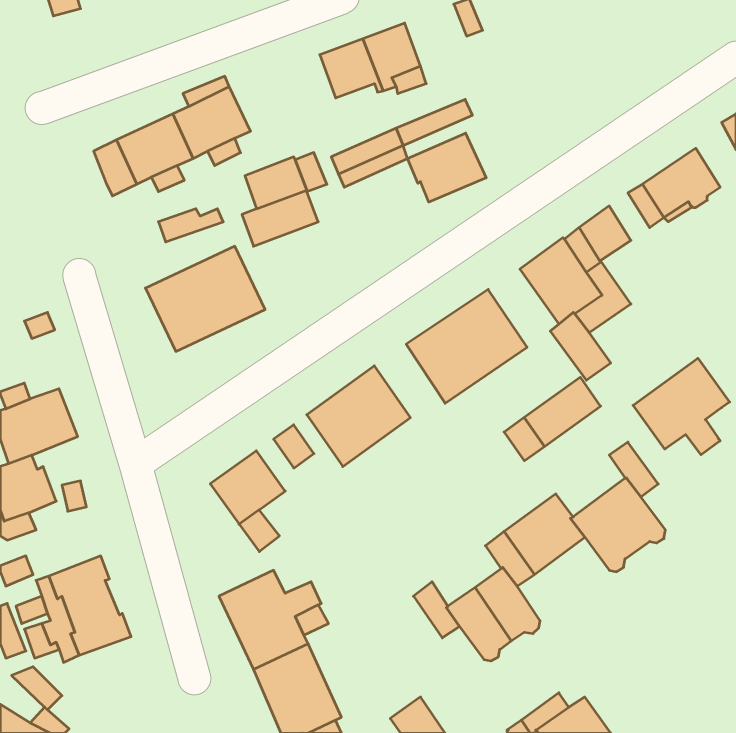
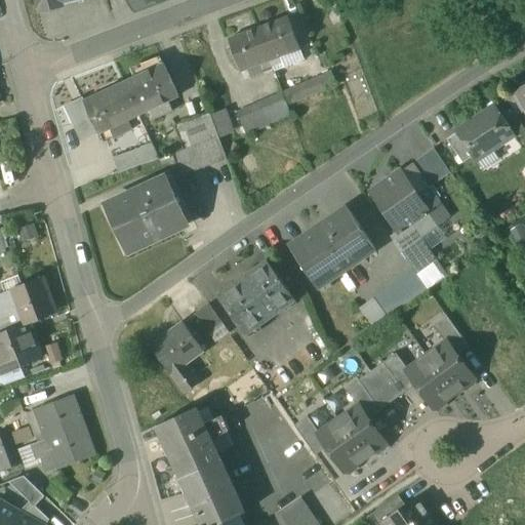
building: [408,133,486,202] -> none
building: [633,358,730,455] -> none

